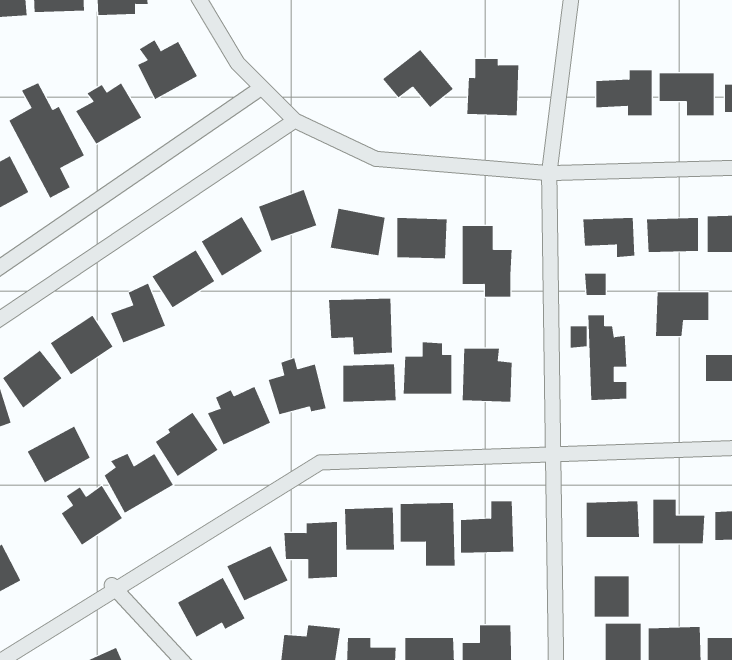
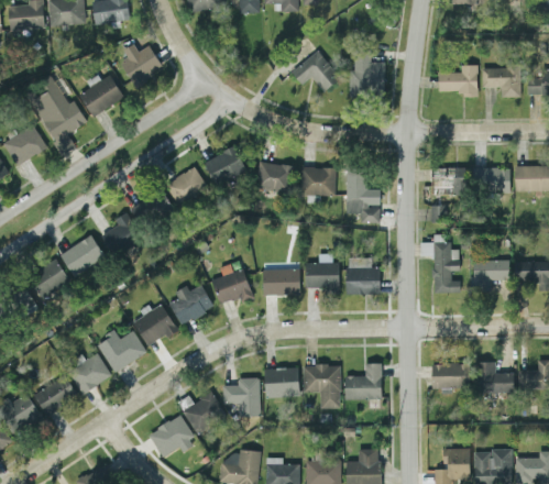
building: [655,292,709,336] -> [472,260,509,290]
building: [328,298,393,355] -> none
building: [27,426,91,483] -> [33,375,77,415]
building: [594,575,629,618] -> none

